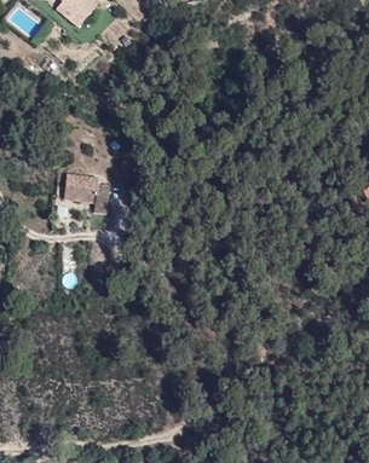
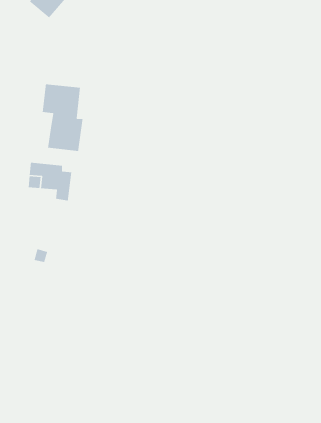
building: none -> [42,83,83,152]

